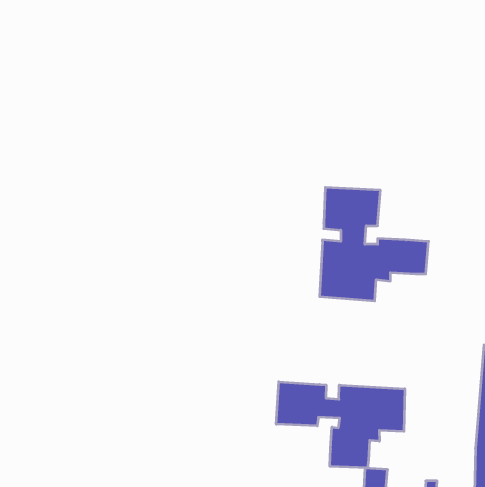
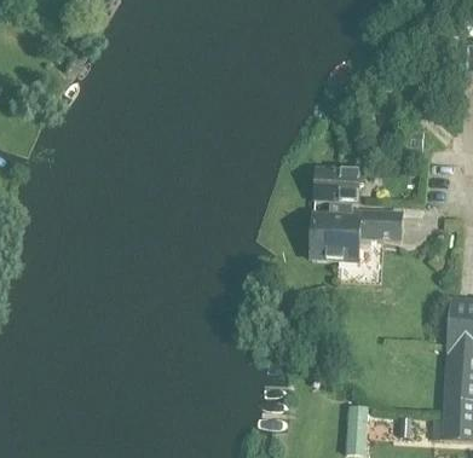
building: [276,382,405,468] -> none

